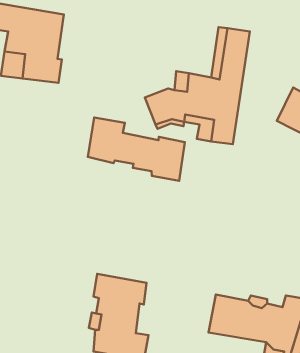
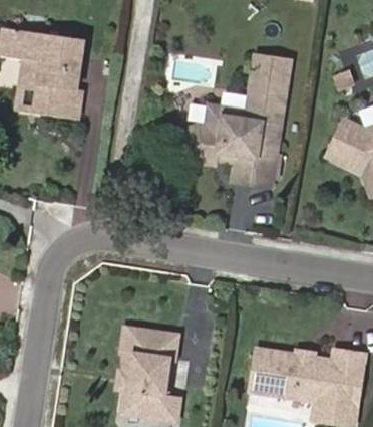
building: [88,118,185,181] -> none

